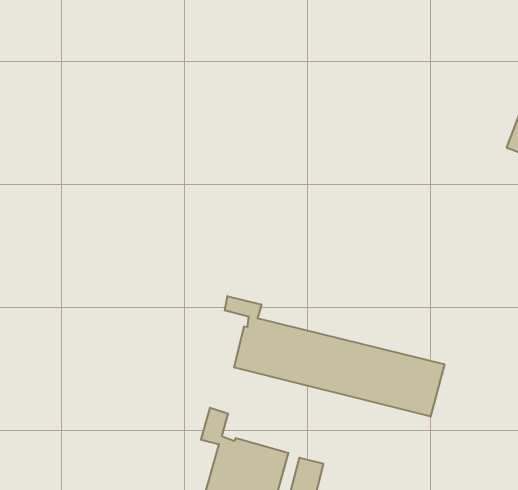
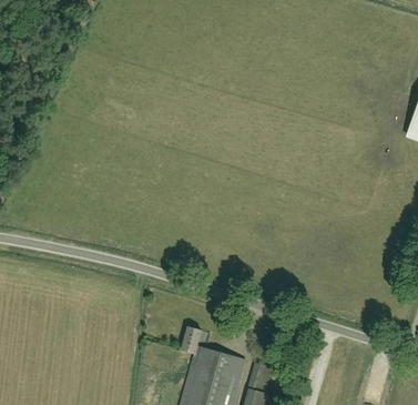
building: [225,296,444,417] -> none

